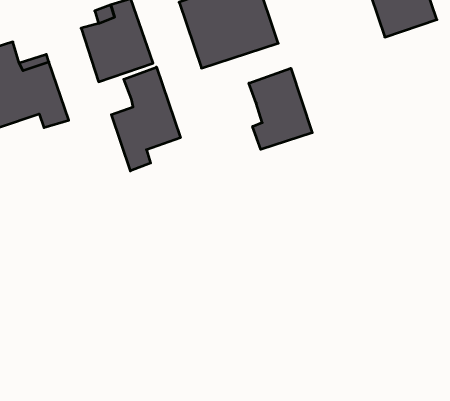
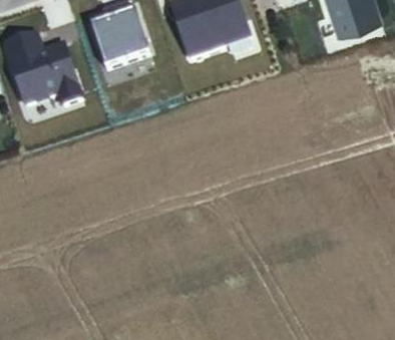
building: [111,67,180,171] -> none
building: [249,68,312,149] -> none

